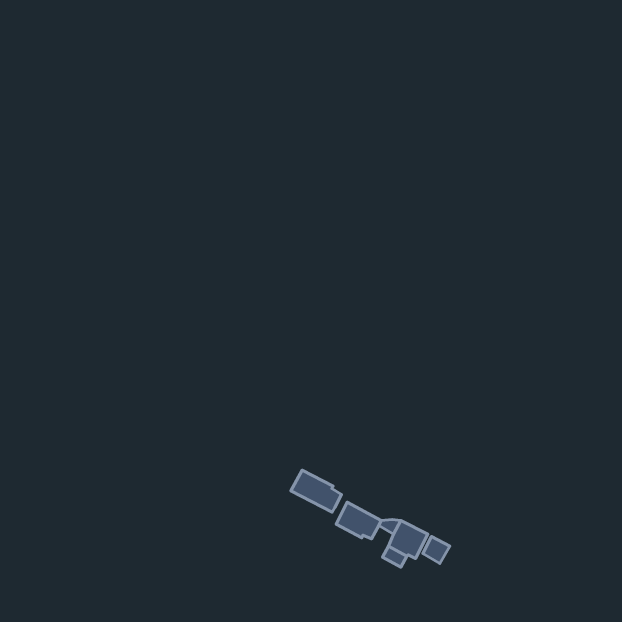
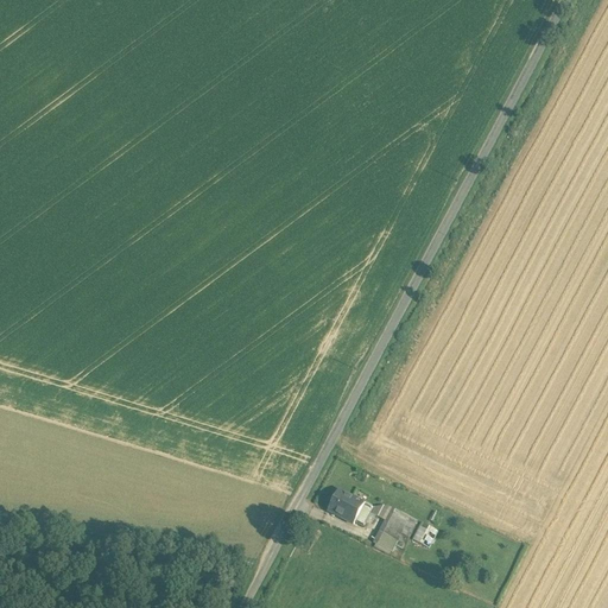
building: [291,470,341,512] -> none

